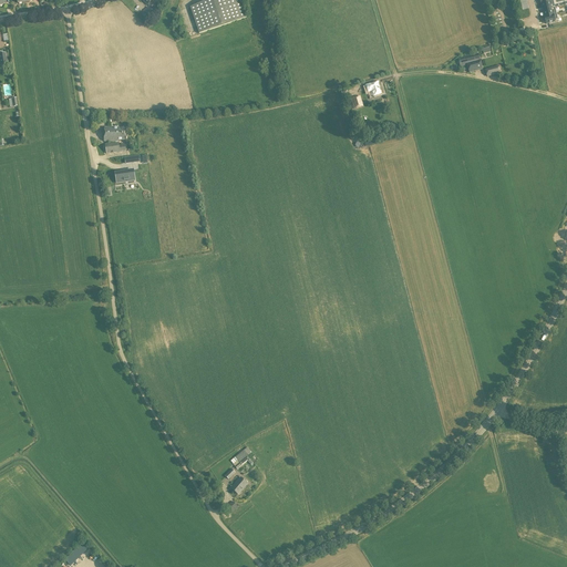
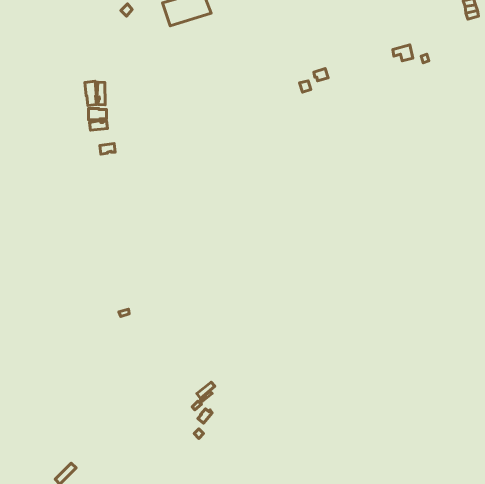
building: none -> [85,81,105,106]

